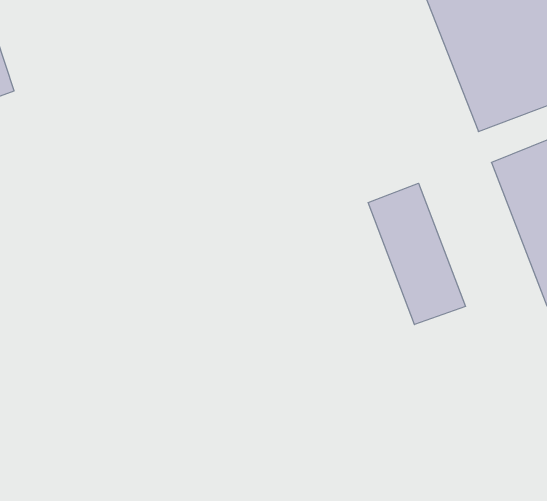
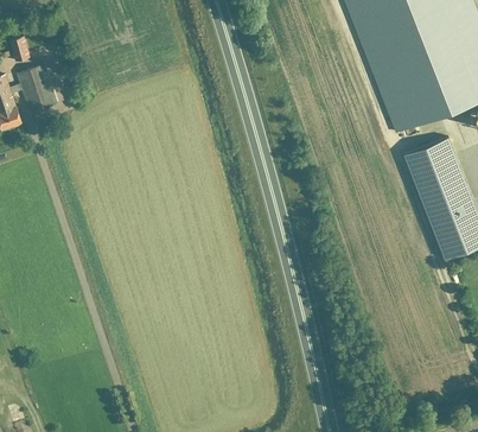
building: [368,183,466,325] -> none

